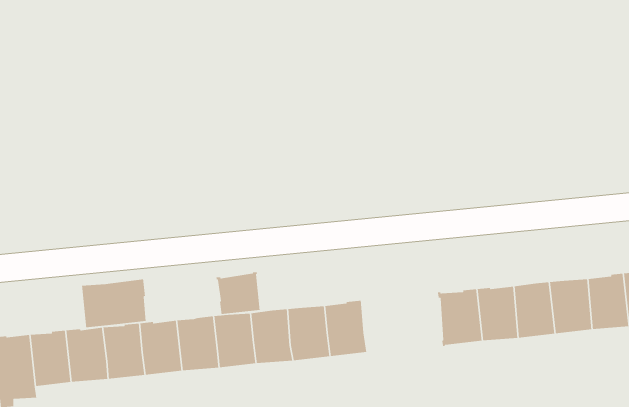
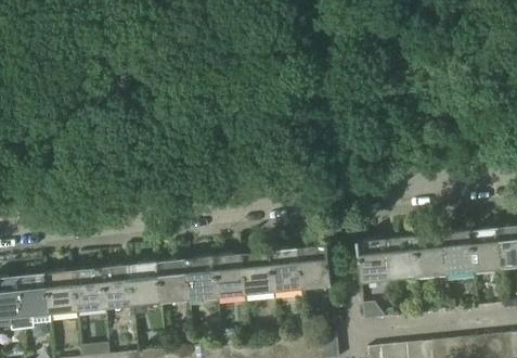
building: [215,271,261,315] -> none
building: [81,278,146,328] -> none
building: none -> [298,243,332,286]

